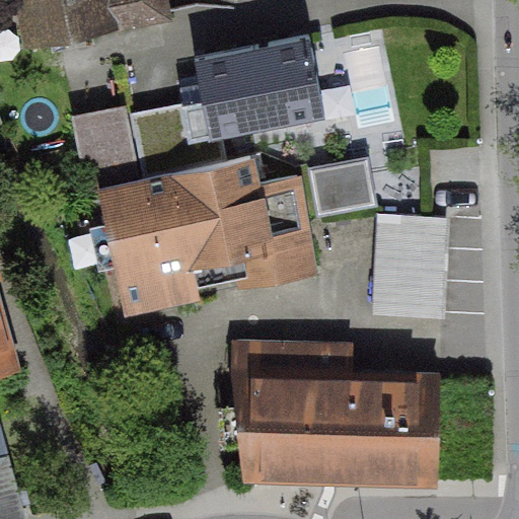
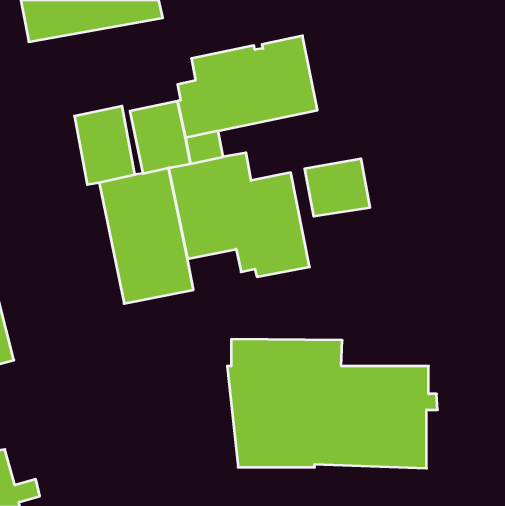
building: [377,216,446,315] -> none

